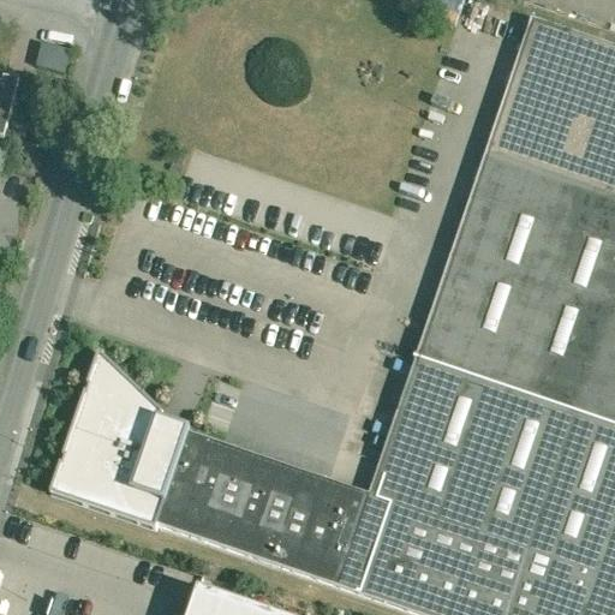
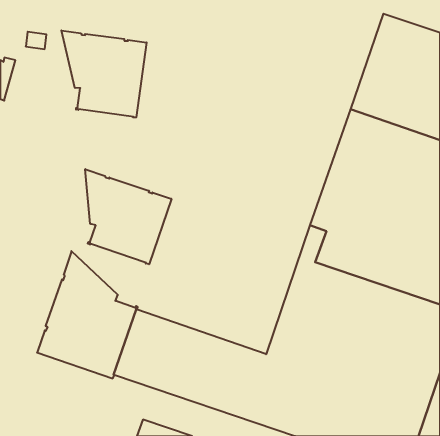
building: none -> [61,30,147,117]
building: none -> [85,169,171,264]

